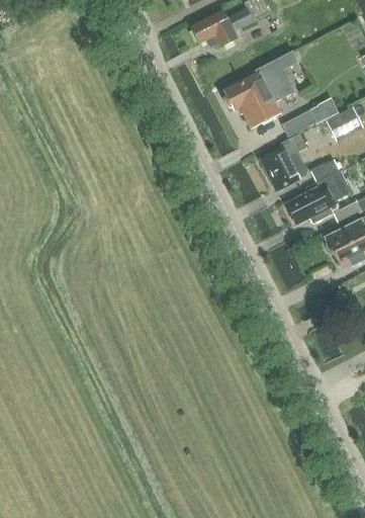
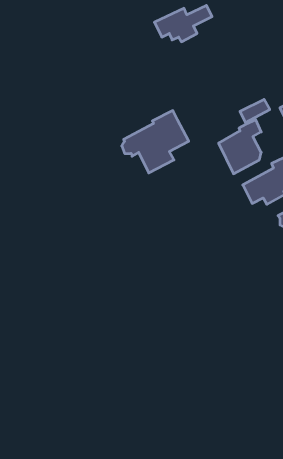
building: [222,58,295,125] -> [122,111,189,173]

